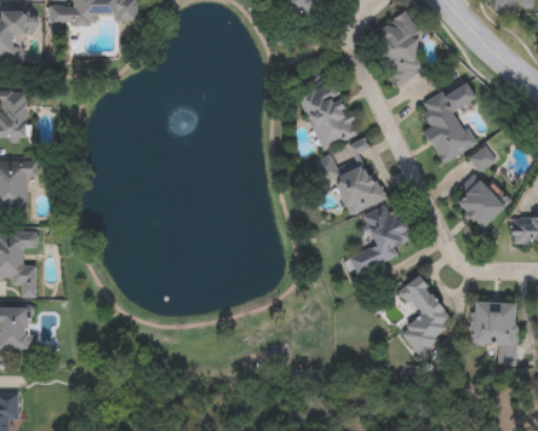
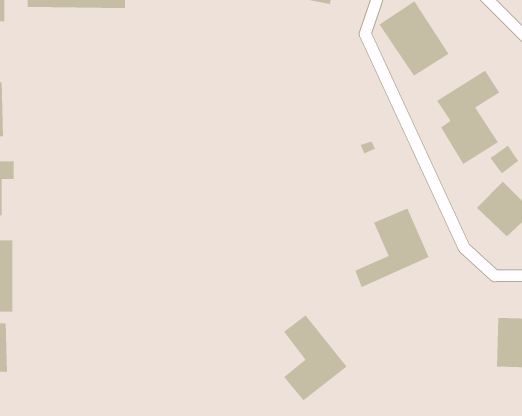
building: [297,76,357,150] -> none
building: [333,156,384,213] -> none
building: [399,275,457,354] -> [283,314,347,401]

